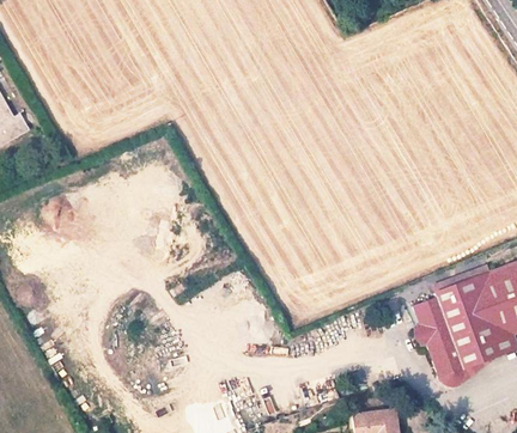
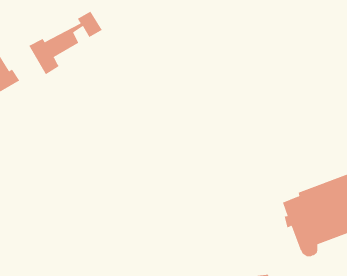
building: none -> [29,11,102,75]

